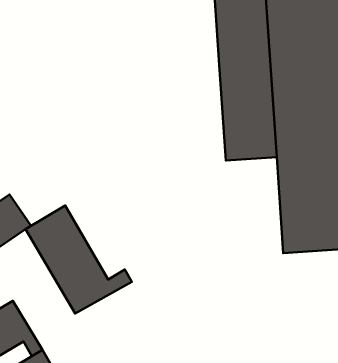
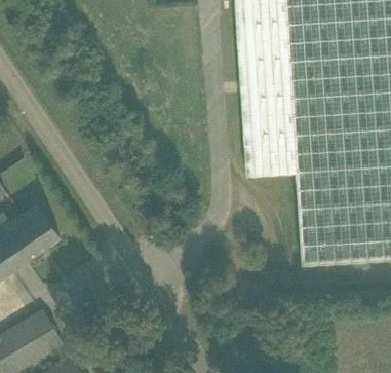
building: [26,206,132,314] -> none

